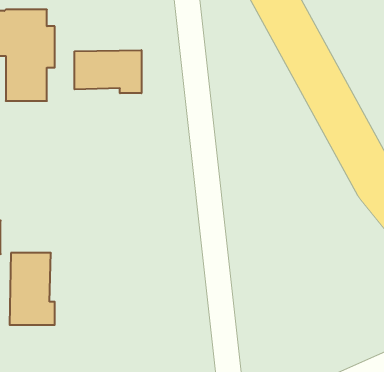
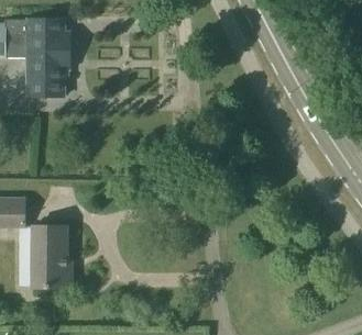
building: [75,50,141,93] -> none

